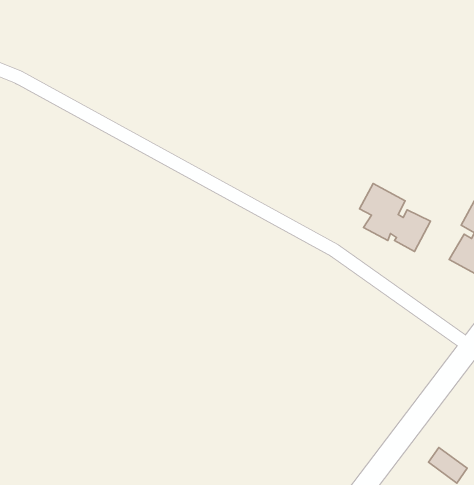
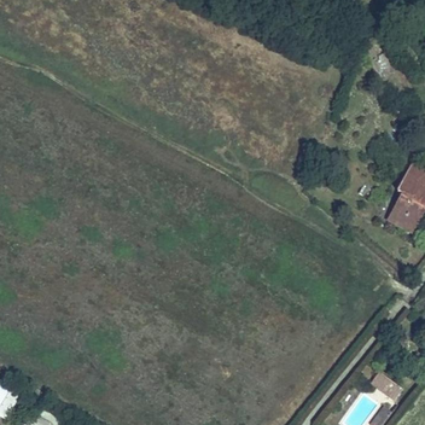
building: [359,184,431,252] -> none

